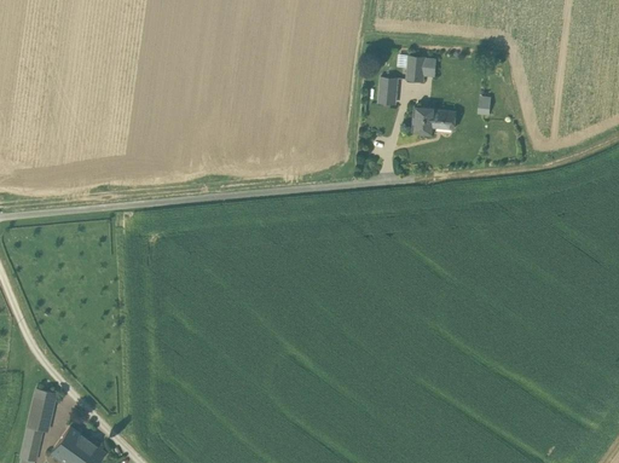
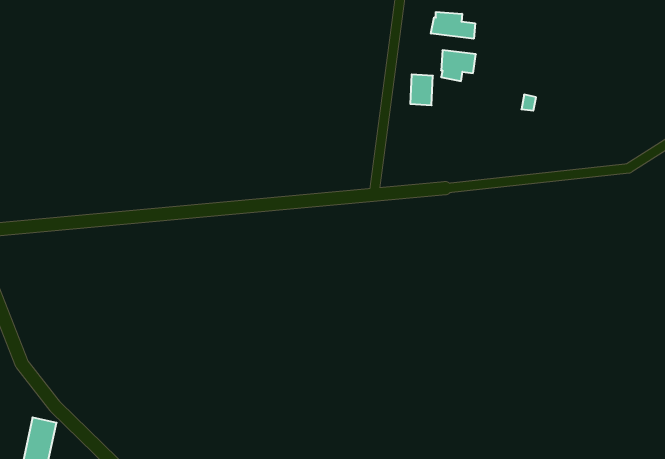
building: none -> [431,12,475,39]
building: [412,106,456,134] -> none

